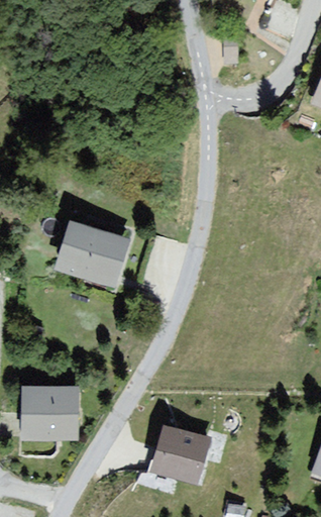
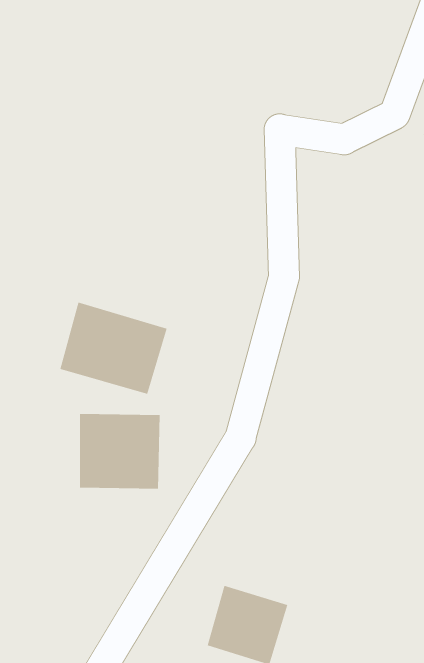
building: [15,387,74,441] -> [79,414,160,489]

